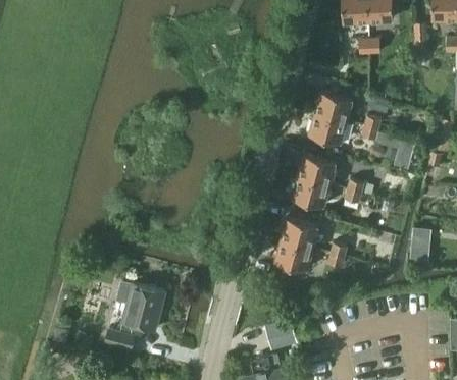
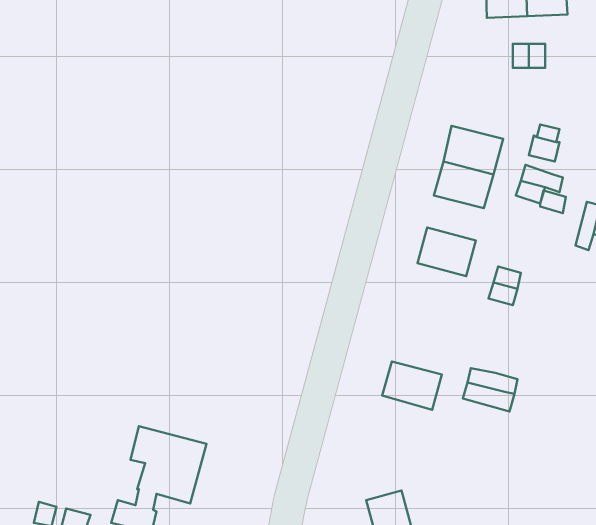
building: [293,178,329,208] -> none
building: [283,218,319,249] -> none

